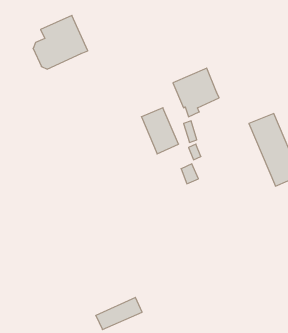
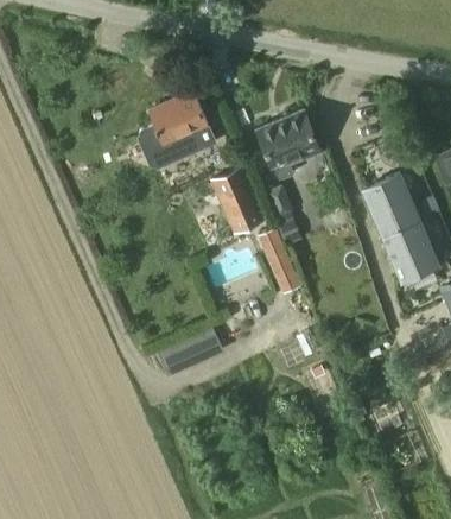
building: [33,15,88,69] -> [138,93,216,170]
building: [96,297,142,330] -> [159,324,226,371]

